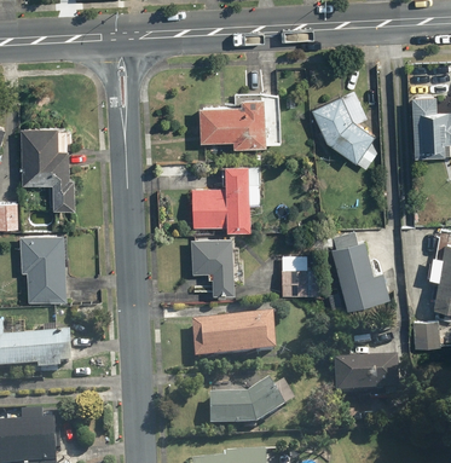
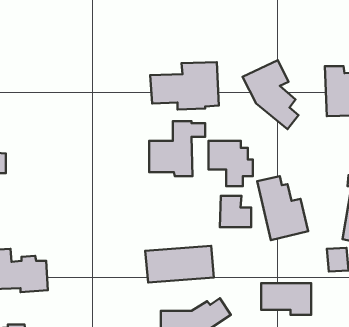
building: [21,129,73,209] -> none
building: [19,235,64,301] -> none
building: [190,239,244,295] -> [209,141,253,186]

